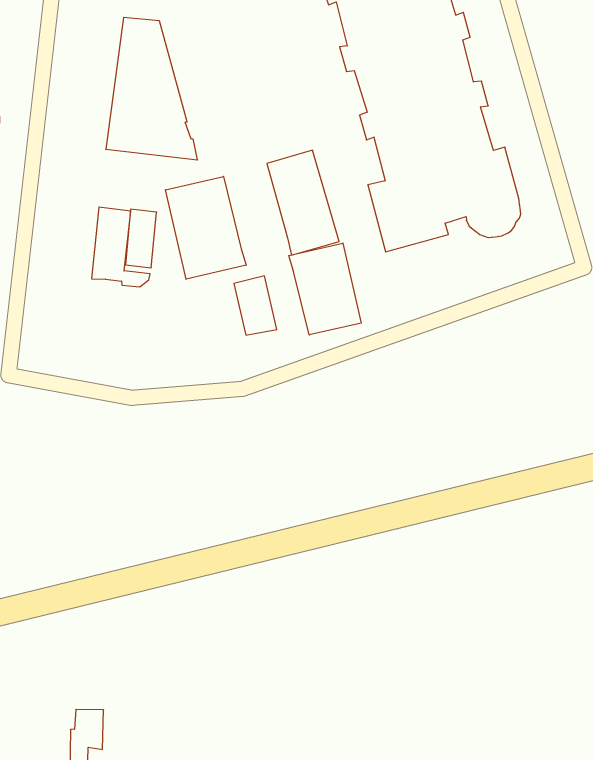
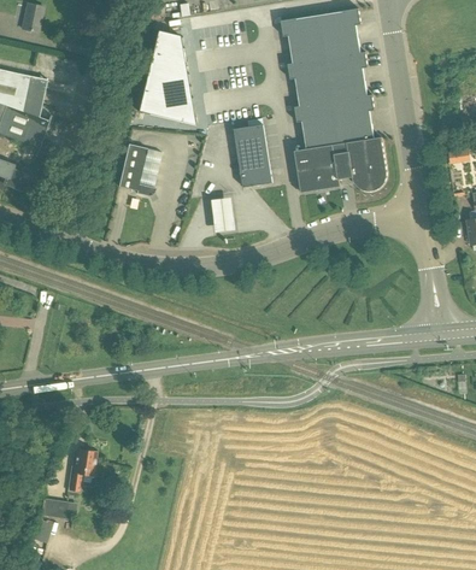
building: [165,176,246,279] -> none
building: [289,243,361,335] -> none

